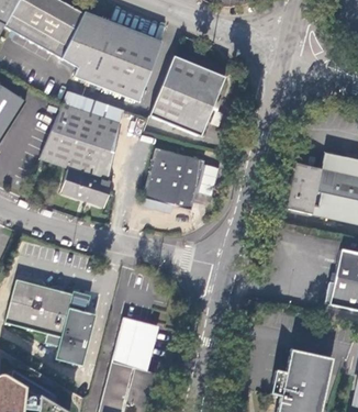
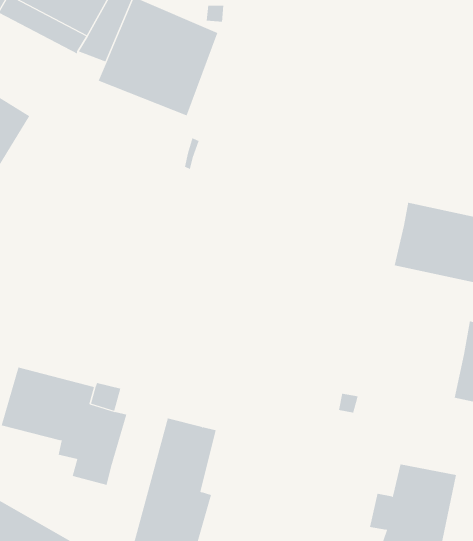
building: [149,55,224,135] -> none
building: [40,91,123,207] -> none
building: [139,147,202,212] -> none

